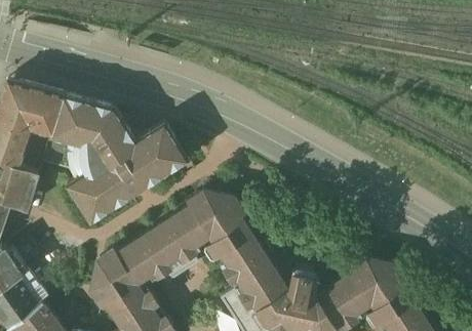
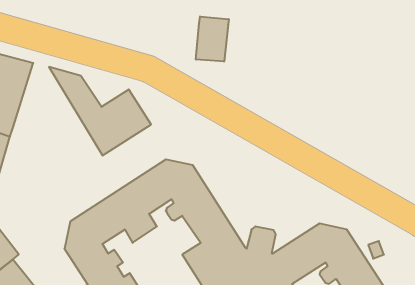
building: none -> [196,16,229,62]
building: [41,94,135,220] -> none

